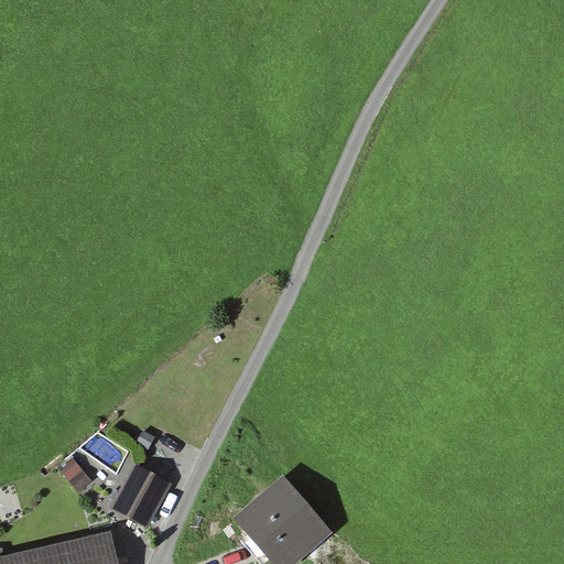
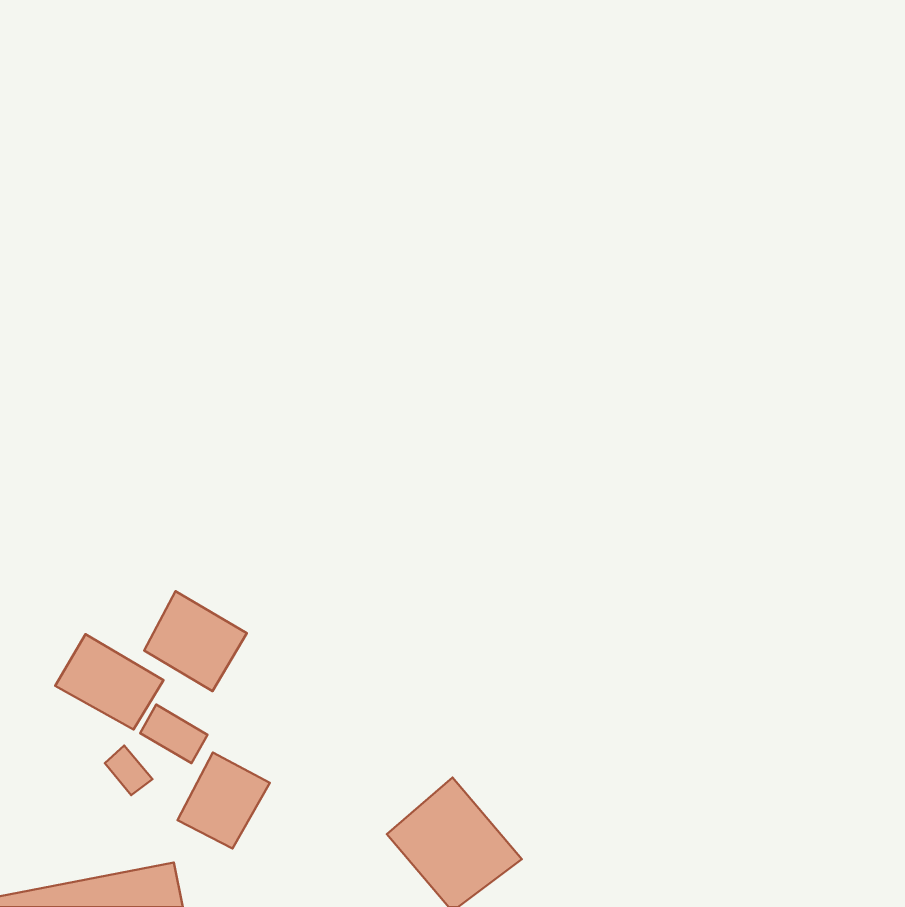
building: none -> [144,591,247,691]
building: none -> [55,634,163,730]

